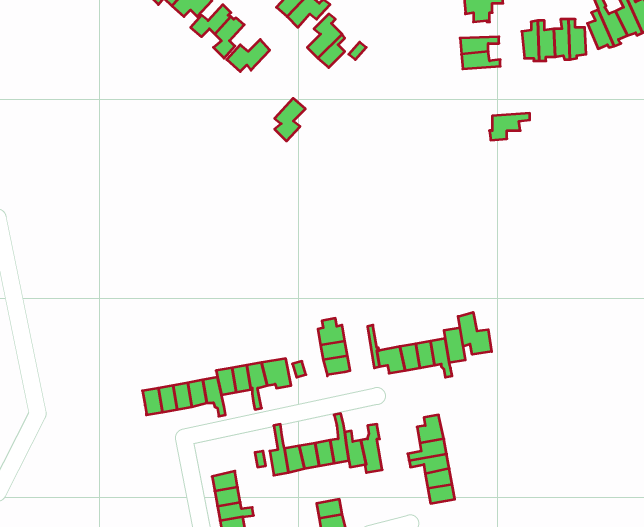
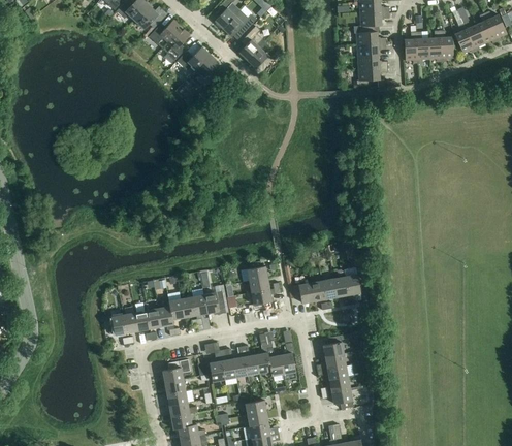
building: none -> [353,26,386,45]
building: [275,98,305,141] -> [195,55,219,88]
building: [489,113,530,140] -> [356,67,387,88]
building: [458,312,492,354] -> none
building: none -> [163,360,190,383]

